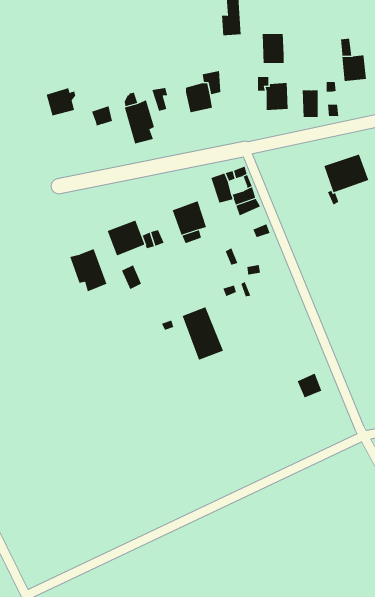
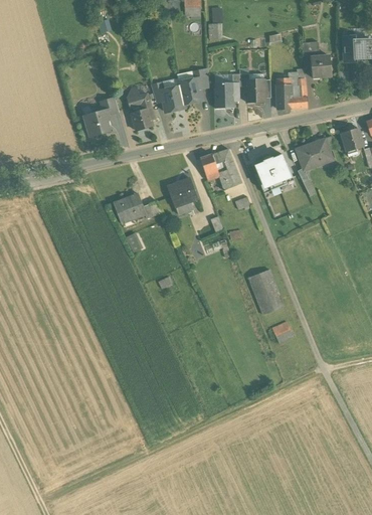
building: [262,33,285,63] -> [215,82,234,108]
building: [46,87,76,116] -> [84,111,110,135]
building: none -> [161,87,184,112]
building: none -> [253,153,293,190]
building: [69,248,107,292] -> none
building: [182,306,224,361] -> [249,269,285,314]

